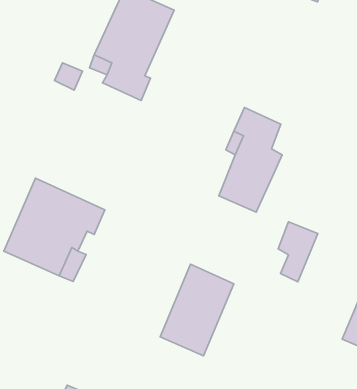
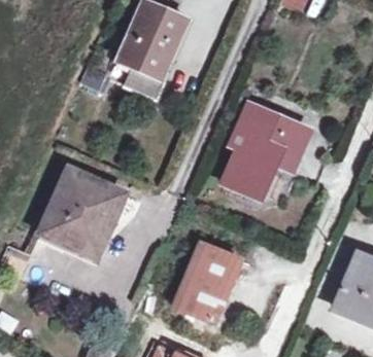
building: [278,222,318,282] -> [273,117,308,170]

